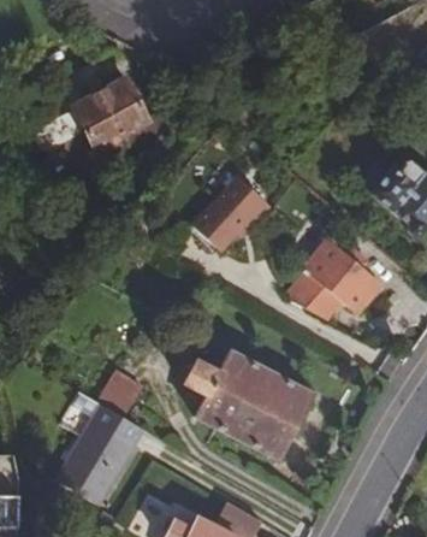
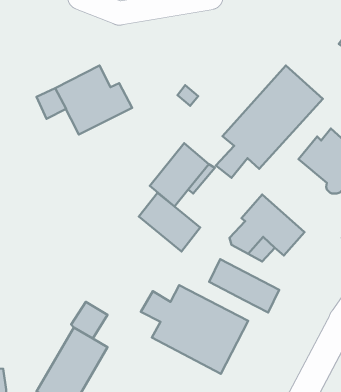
building: none -> [216,65,323,178]
building: none -> [139,193,200,251]
building: none -> [209,259,279,312]

